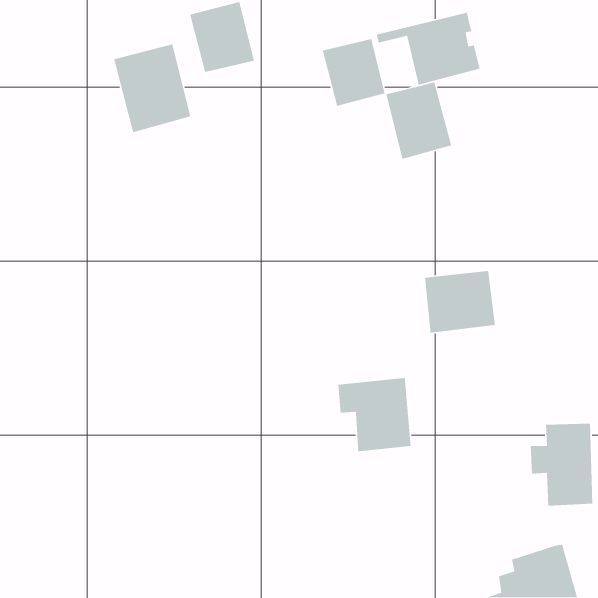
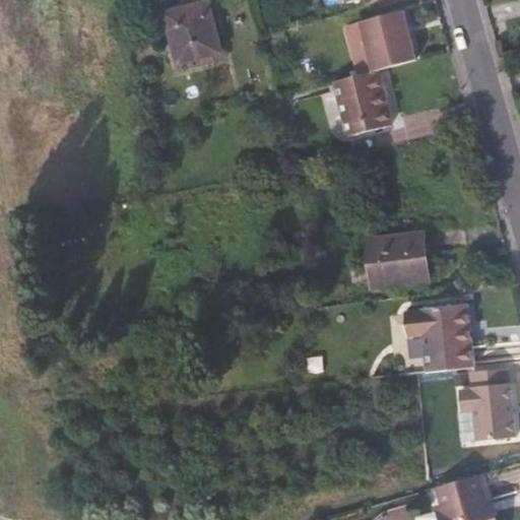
building: [322,38,385,107] -> none
building: [113,44,191,133] -> none
building: [337,377,411,452] -> [407,306,471,371]

